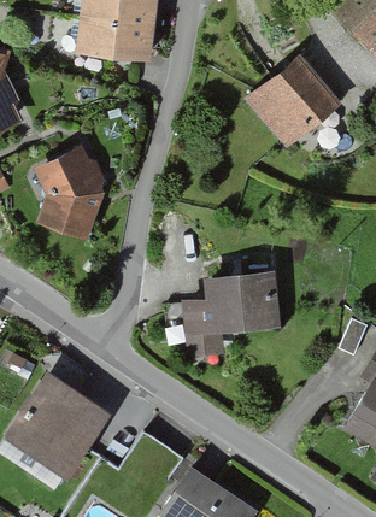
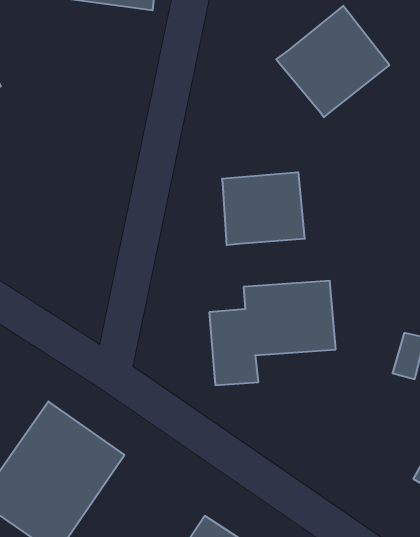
building: [47,151,113,241] -> none
building: none -> [222,172,305,245]

